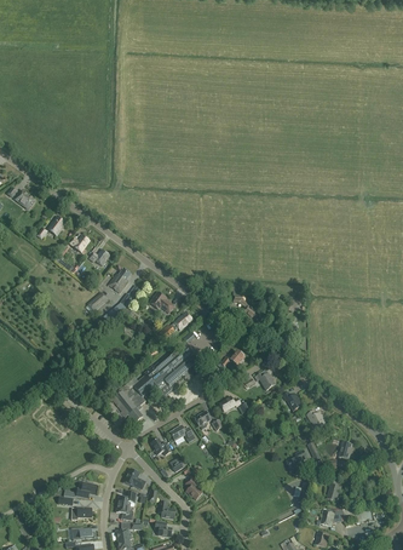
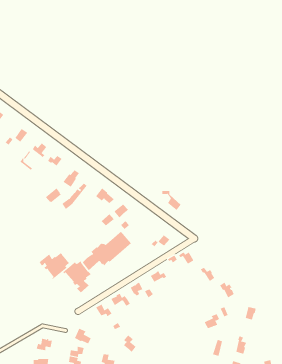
building: none -> [39,252,70,280]

